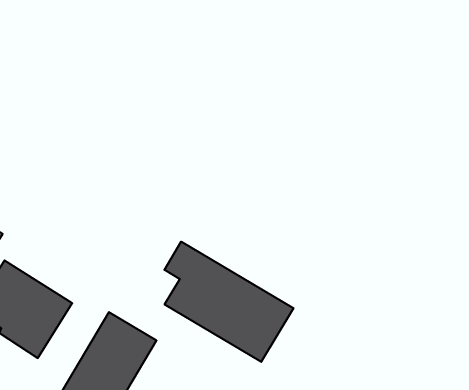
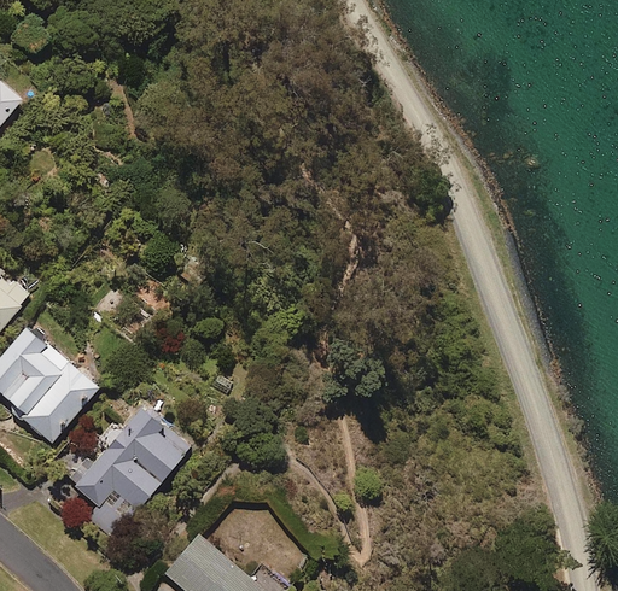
building: [164,242,293,362] -> none

